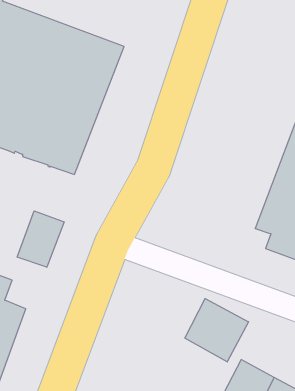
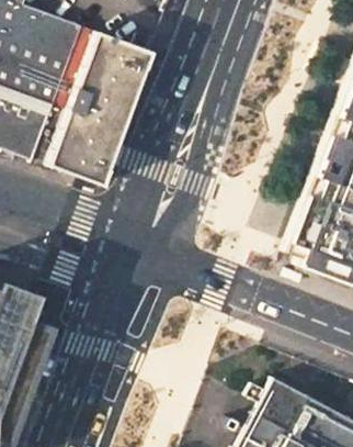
building: [17,211,64,267] -> none
building: [185,299,249,362] -> none

